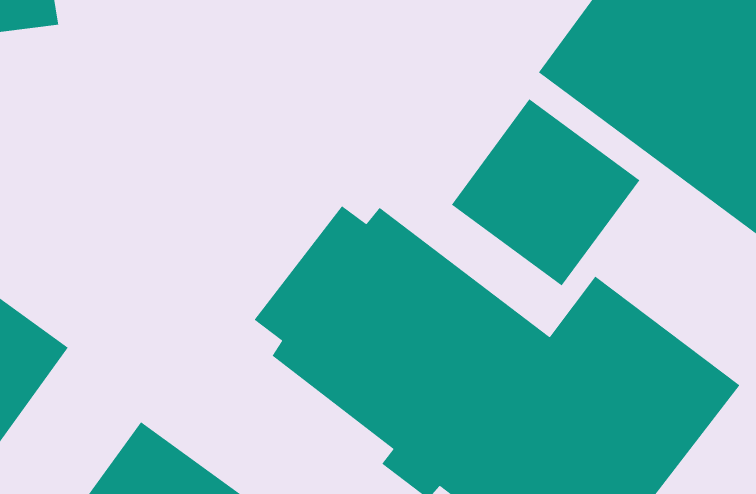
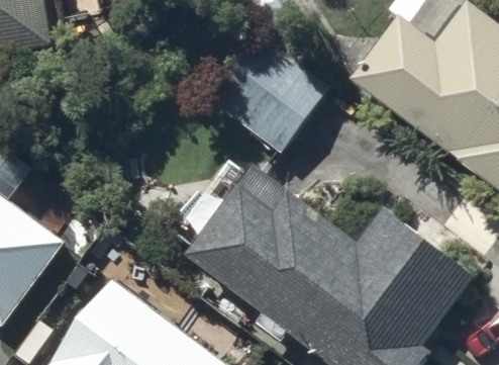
building: [451,98,640,287] -> [215,33,332,150]

